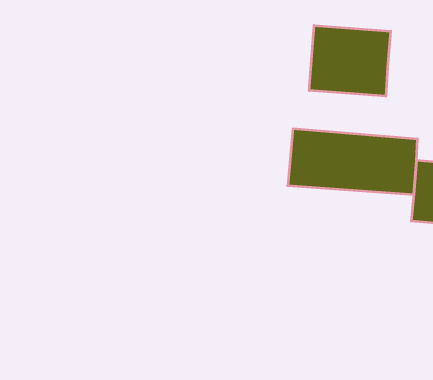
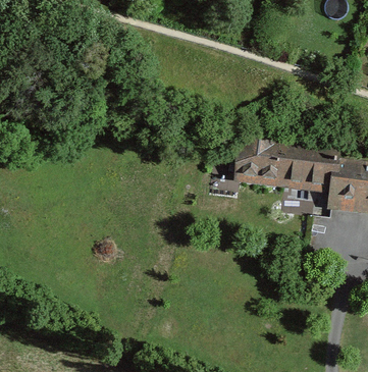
building: [309,25,391,96] -> none

